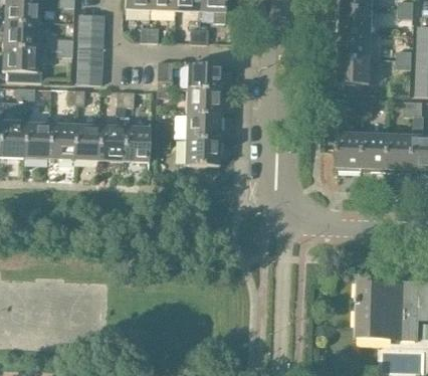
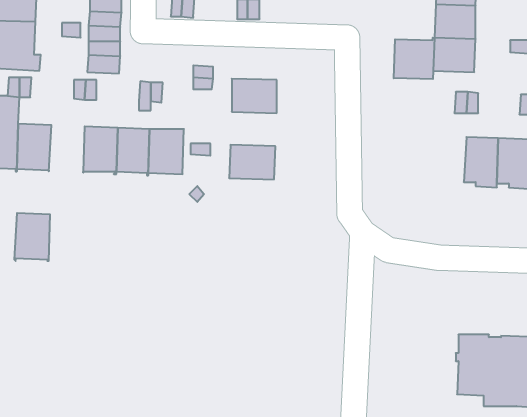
building: none -> [394,38,434,79]
building: [187,63,222,89] -> none
building: [186,114,221,140] -> none
building: [48,124,75,160] -> [14,213,50,261]
building: [337,132,365,170] -> none

